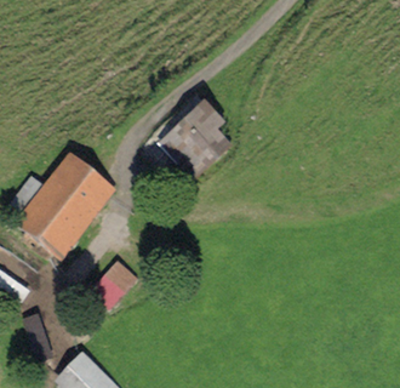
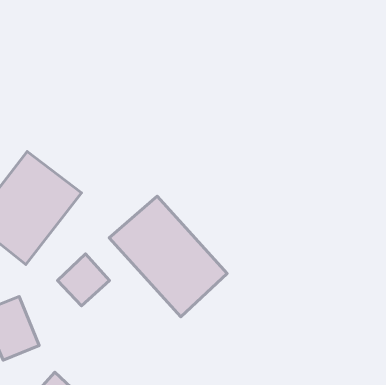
building: [160,102,233,175] -> none
building: none -> [109,196,227,317]

